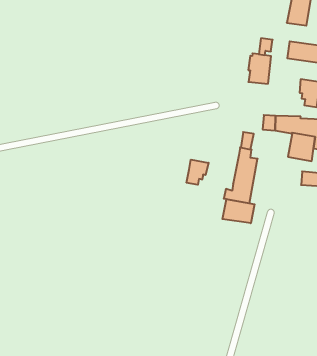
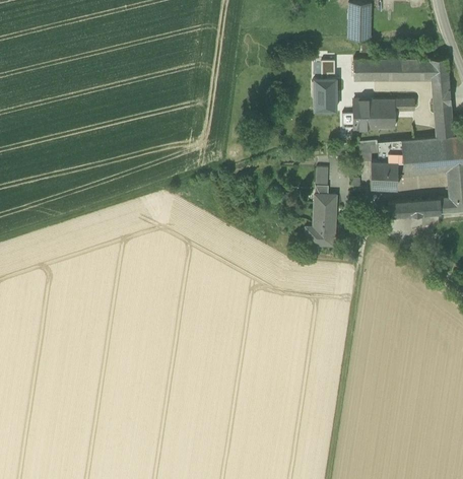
building: none -> [341,100,380,130]
building: [187,160,209,185] -> none
building: [222,199,255,223] -> none

